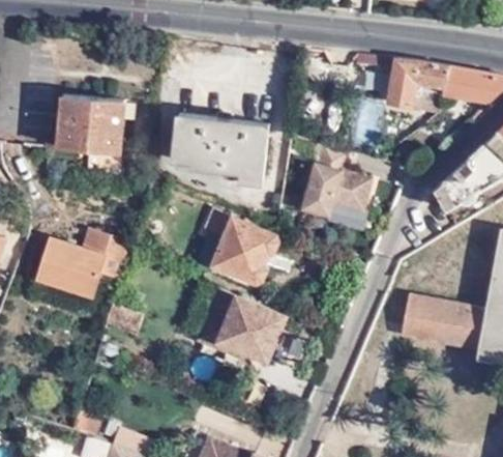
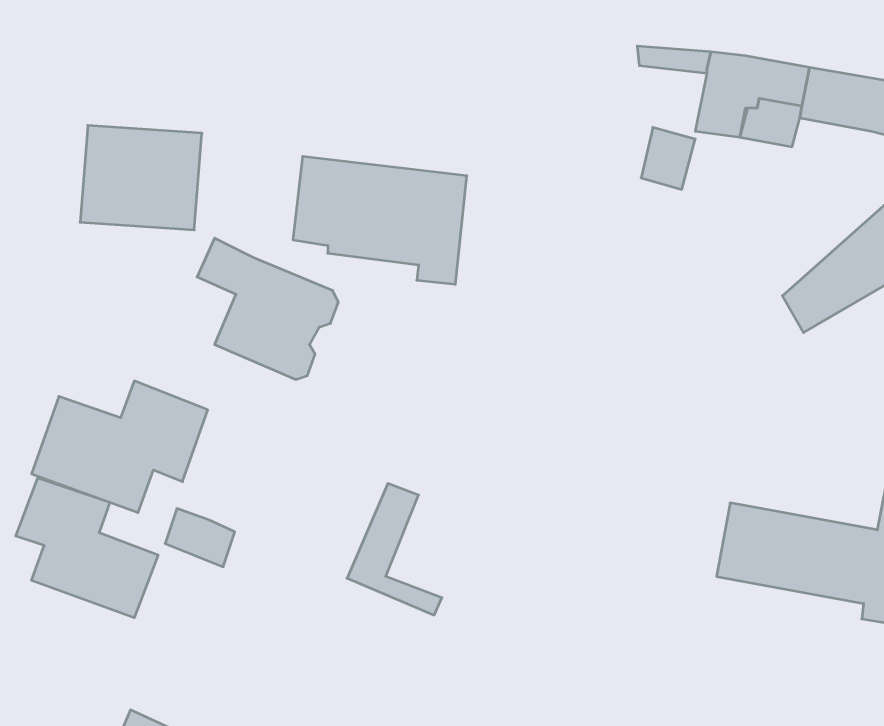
building: [297,139,374,217] -> none
building: [201,203,276,279] -> [197,238,338,379]
building: none -> [16,478,158,618]
building: [221,295,288,359] -> none

